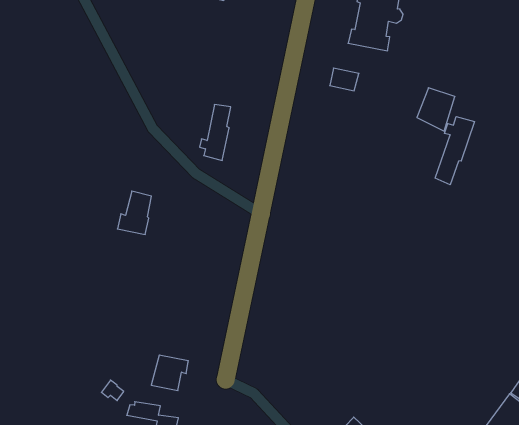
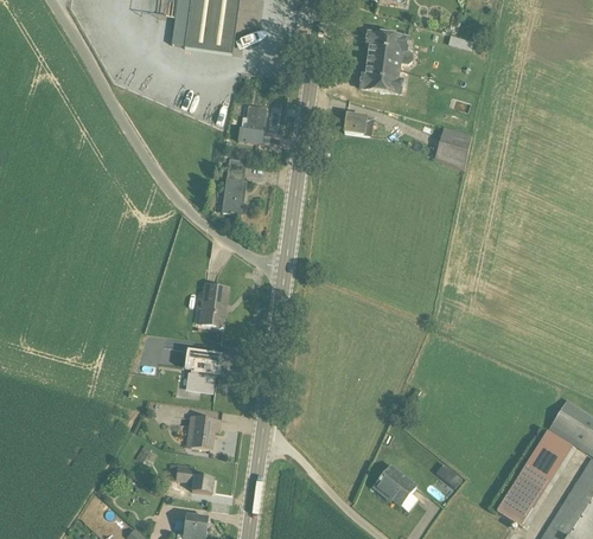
building: none -> [237,104,267,143]
building: [435,117,474,185] -> none
building: [117,191,151,234] -> [195,283,227,326]
building: none -> [185,348,222,393]

